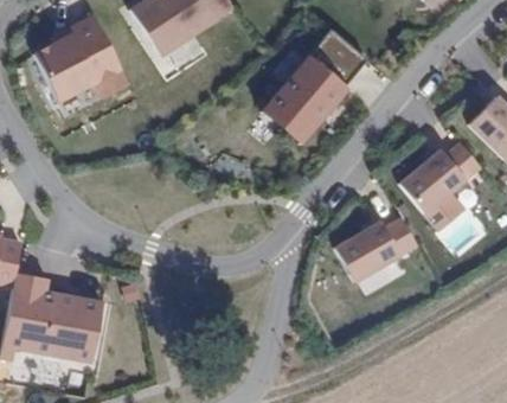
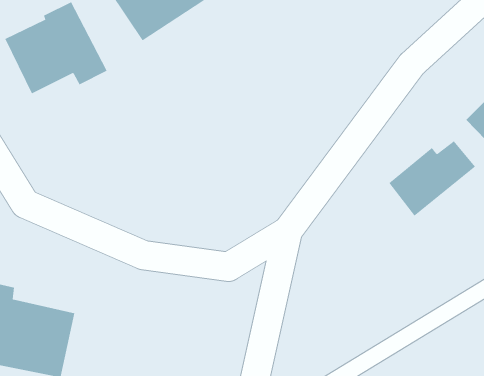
building: [269,30,371,140] -> none
building: [326,219,407,282] -> none

